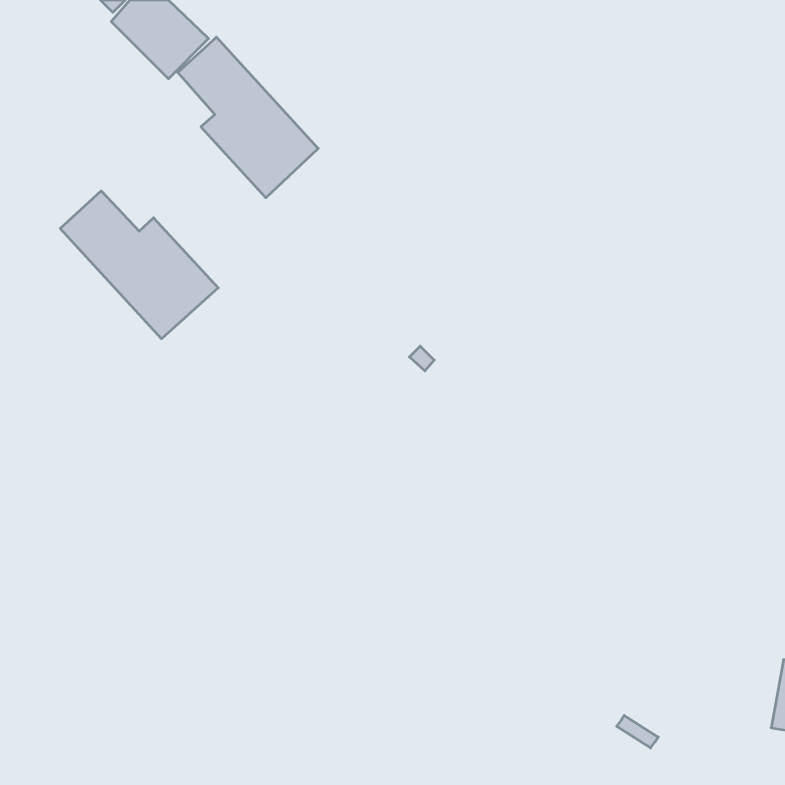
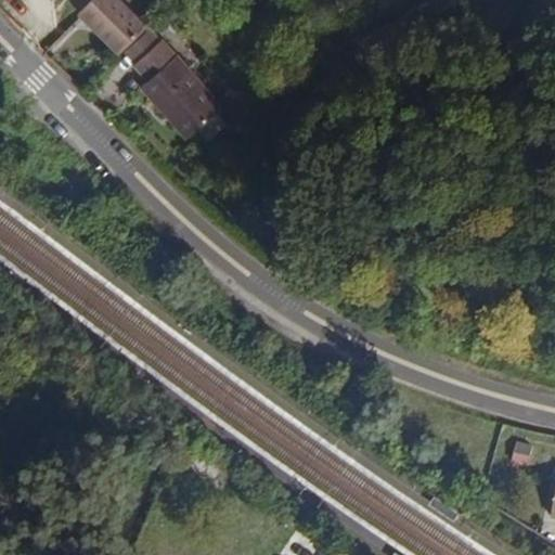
building: [60,191,218,339] -> none

